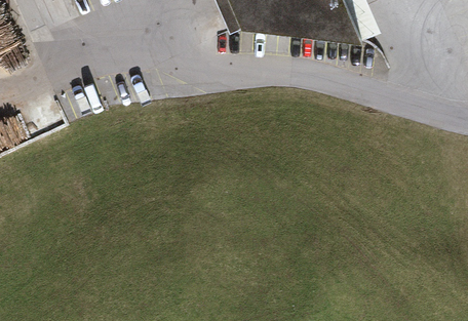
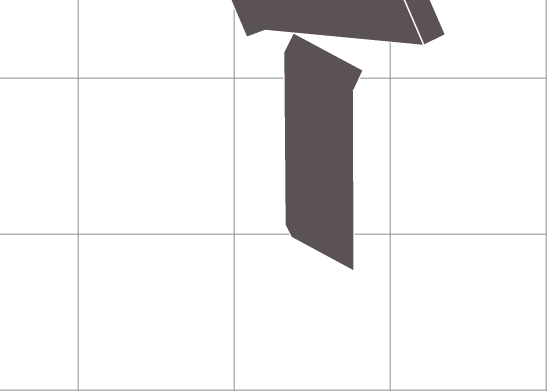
building: none -> [284,33,363,271]

